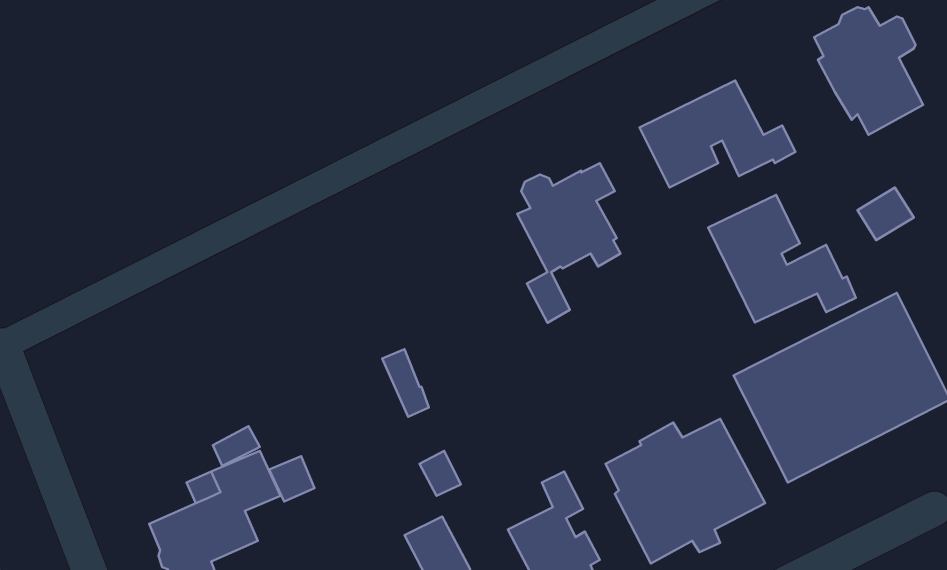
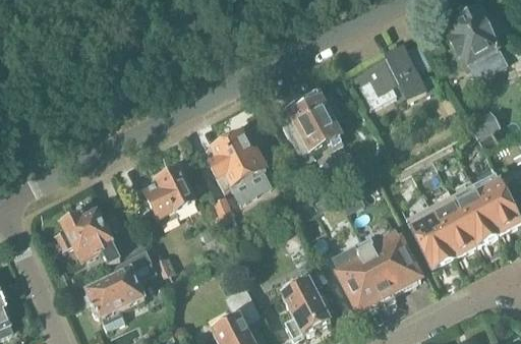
building: [708,195,856,323] -> none
building: none -> [210,128,266,202]
building: none -> [143,170,194,223]
building: none -> [56,212,120,264]

